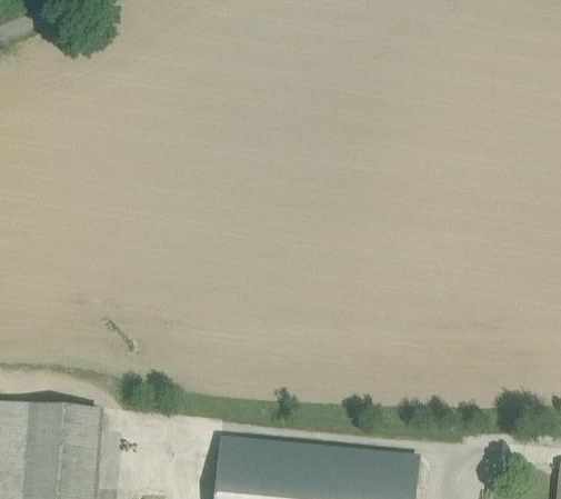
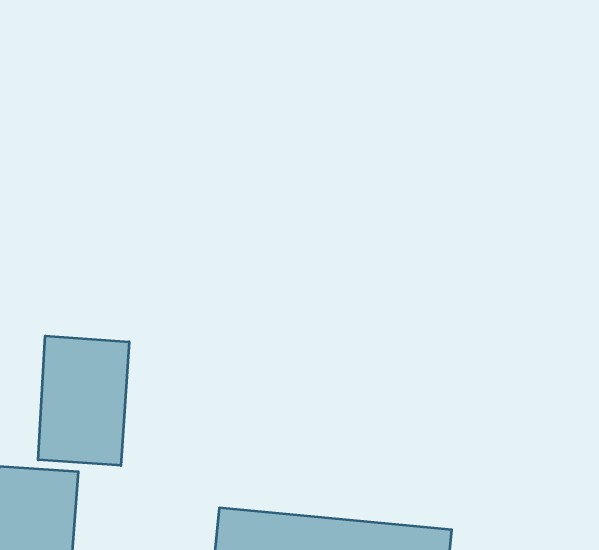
building: none -> [38,336,129,466]

